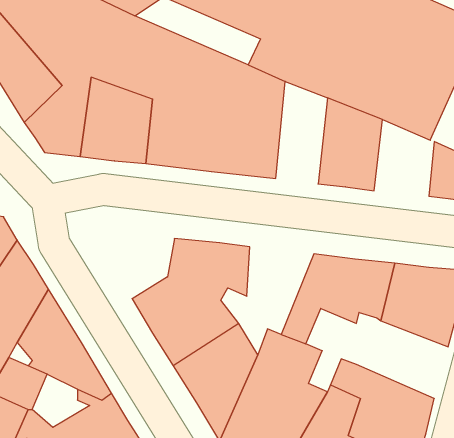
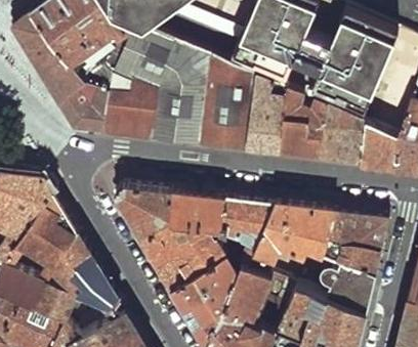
building: none -> [247,77,286,154]
building: none -> [321,105,366,163]
building: none -> [114,189,171,240]
building: none -> [225,201,276,266]
building: none -> [307,254,376,314]

